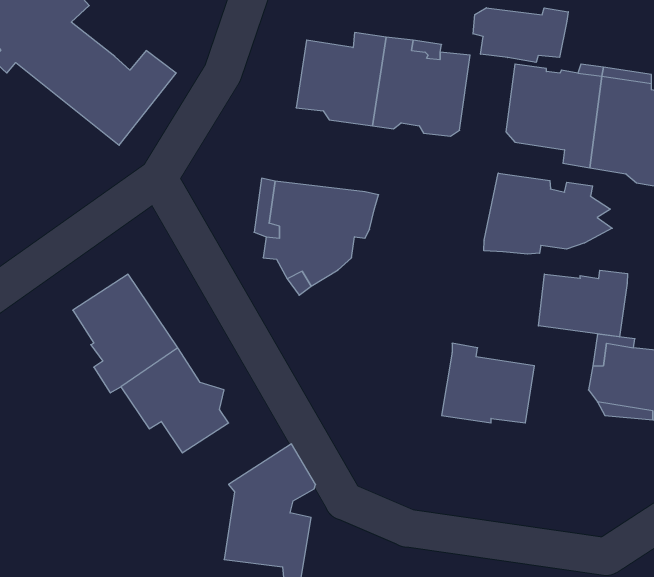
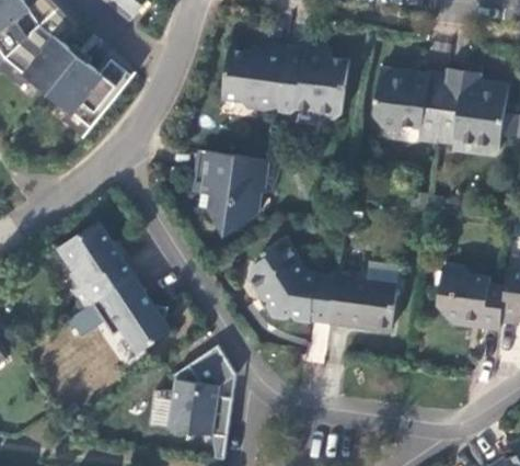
building: [473,8,568,62] -> none
building: [484,173,612,254] -> none
building: [538,270,628,337] -> none
building: none -> [247,240,335,323]

